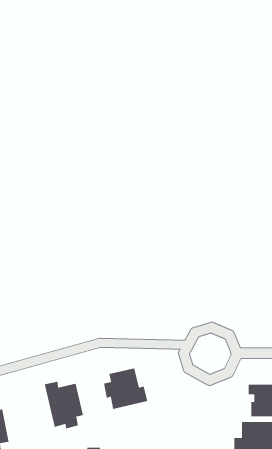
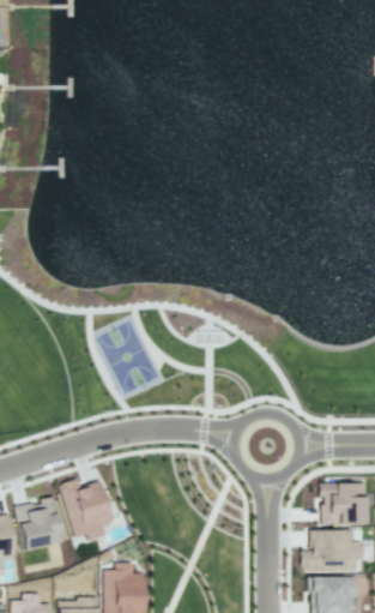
building: [103,367,148,410] -> none
building: none -> [16,499,63,551]

